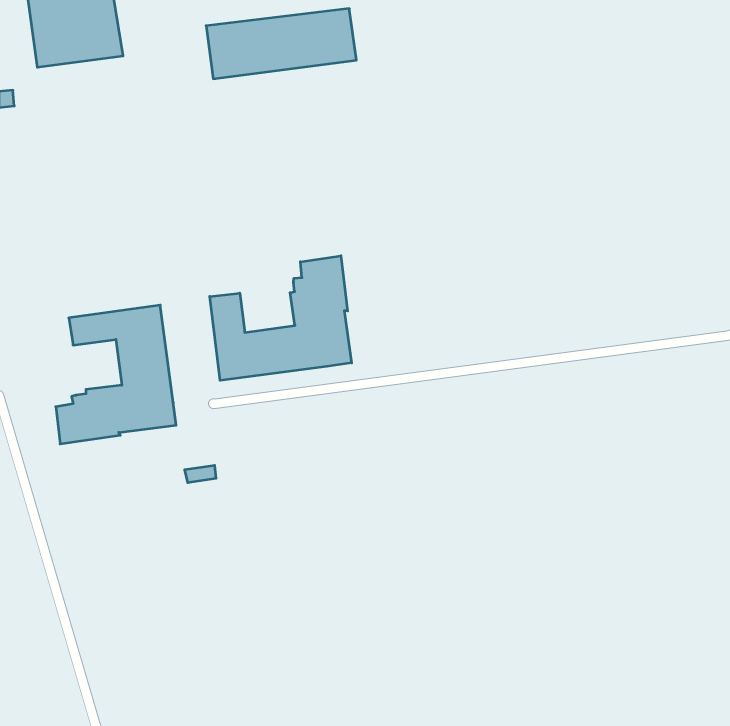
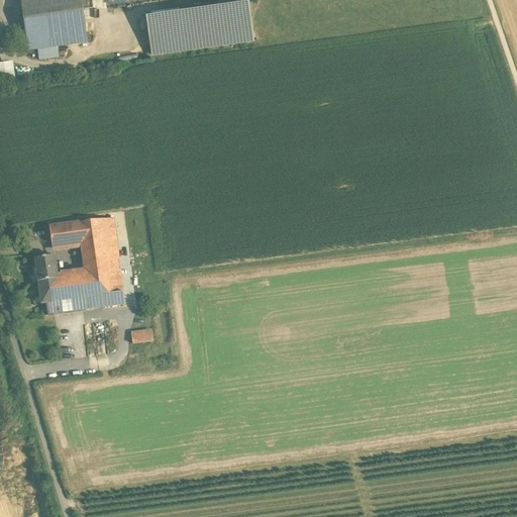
building: [210,256,352,380] -> none
building: none -> [32,253,61,287]

